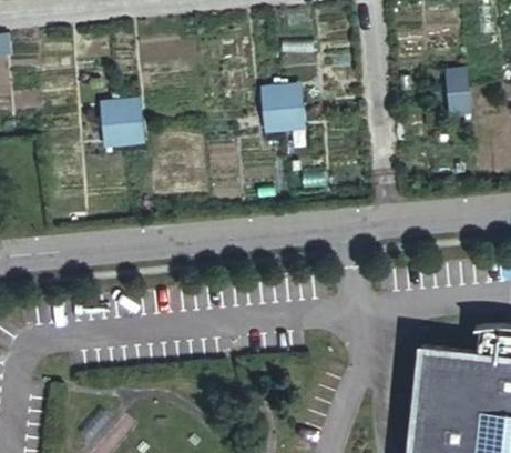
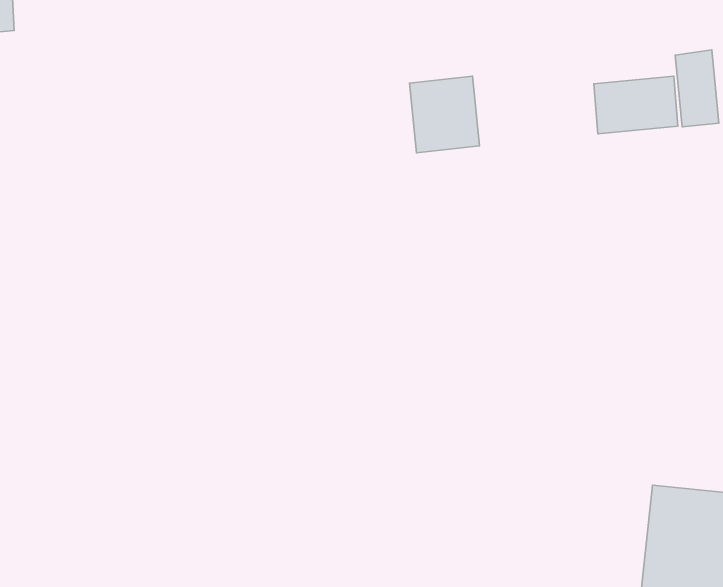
building: none -> [594,76,678,134]
building: [104,99,149,147] -> none

